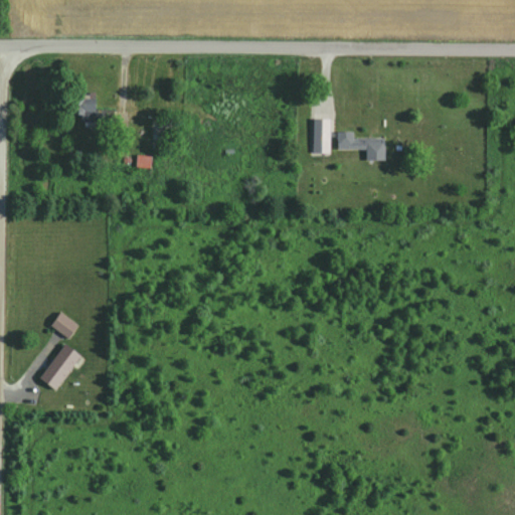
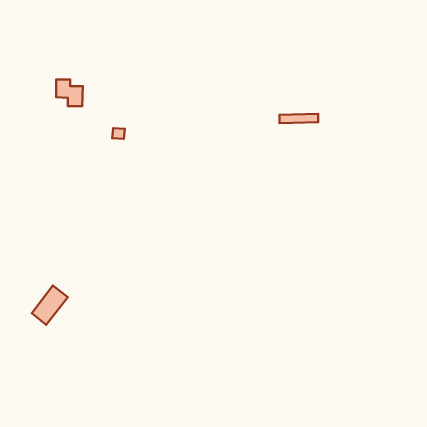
building: [312,132,332,155] -> none
building: [50,312,77,338] -> none

